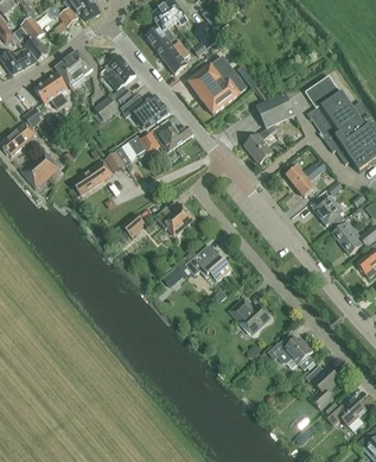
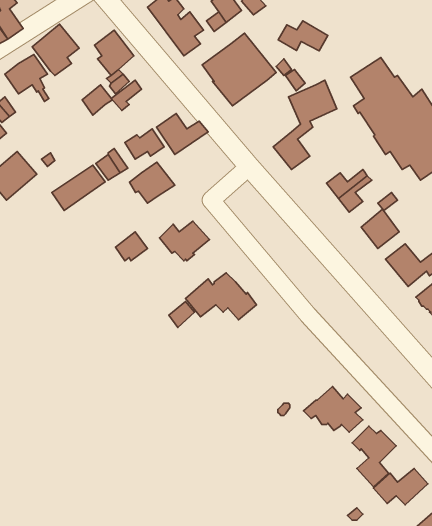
building: none -> [278,21,328,51]
building: [134,94,170,126] -> [129,162,175,203]
building: [230,298,270,333] -> none

